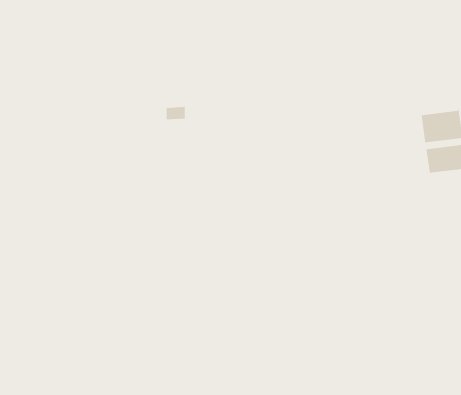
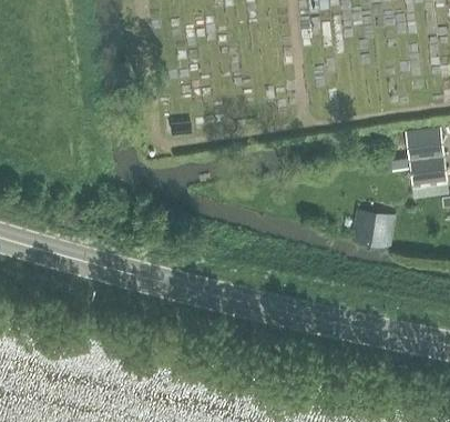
building: none -> [354,211,396,243]

